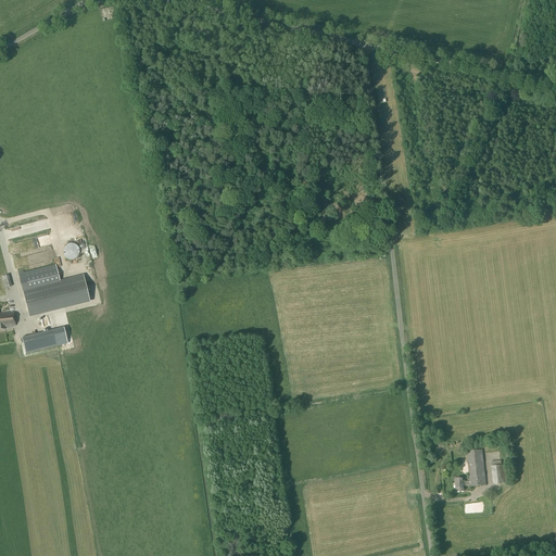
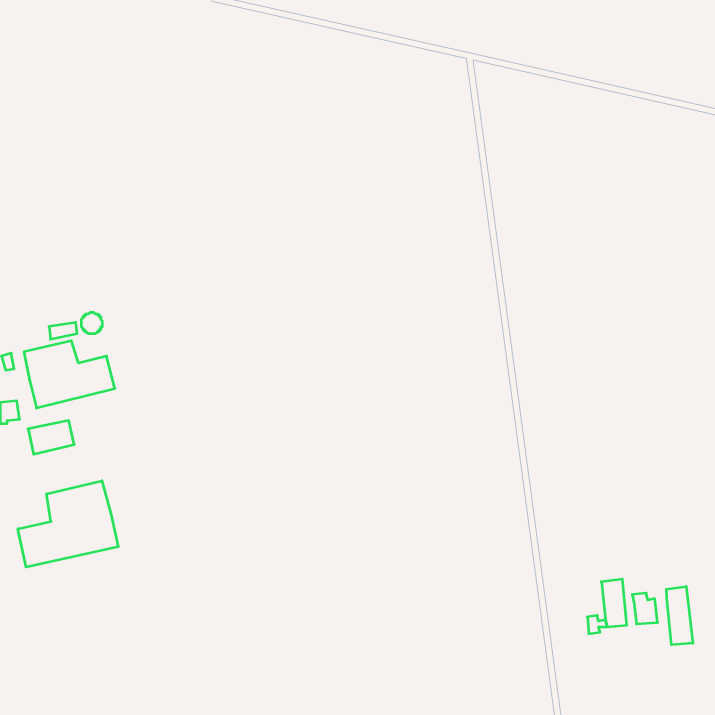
building: none -> [18,481,118,567]
building: none -> [666,586,693,645]

